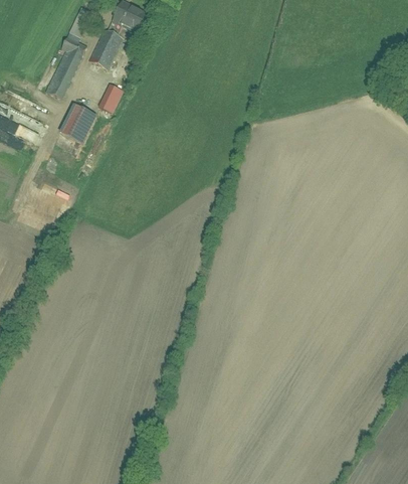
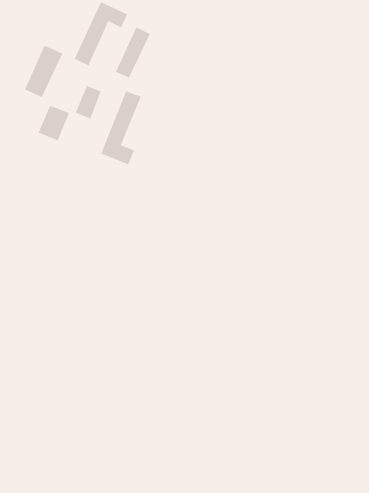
building: none -> [115,27,150,78]
building: none -> [101,91,141,165]

